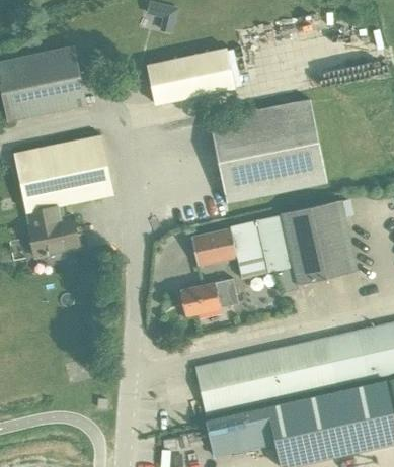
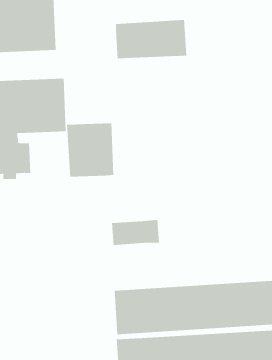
building: [210,99,327,202] -> none
building: none -> [67,123,114,178]
building: [191,199,357,288] -> none

